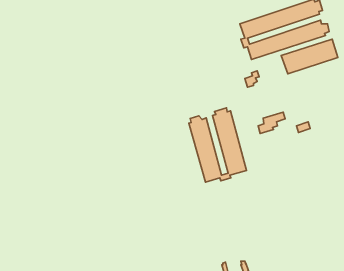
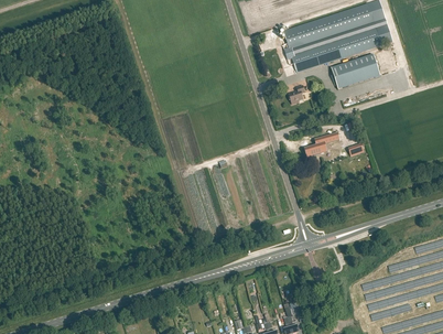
building: [189,108,246,182] -> none

